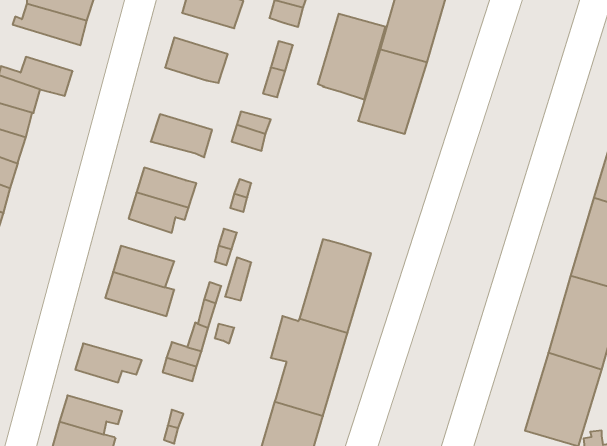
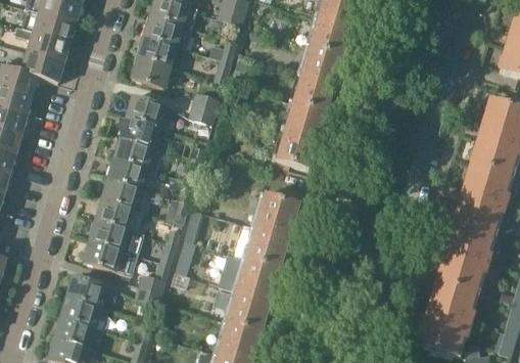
building: none -> [143,15,190,48]
building: [318,14,385,100] -> [271,100,324,168]
building: none -> [14,25,69,61]
building: none -> [131,58,169,87]
building: none -> [120,117,159,147]
building: none -> [101,177,149,212]
building: none -> [82,239,137,275]
building: none -> [59,296,107,328]

